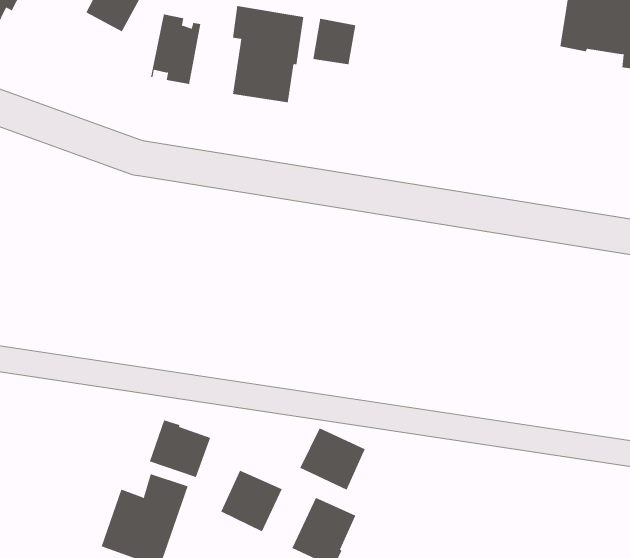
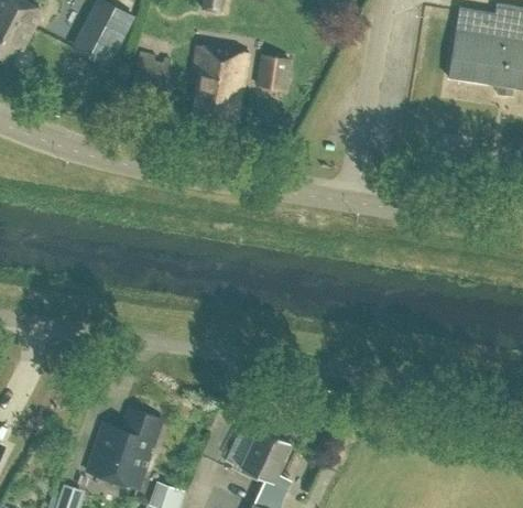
building: [149,420,211,478] -> none
building: [299,428,365,490] -> none
building: [221,470,282,532] -> none

